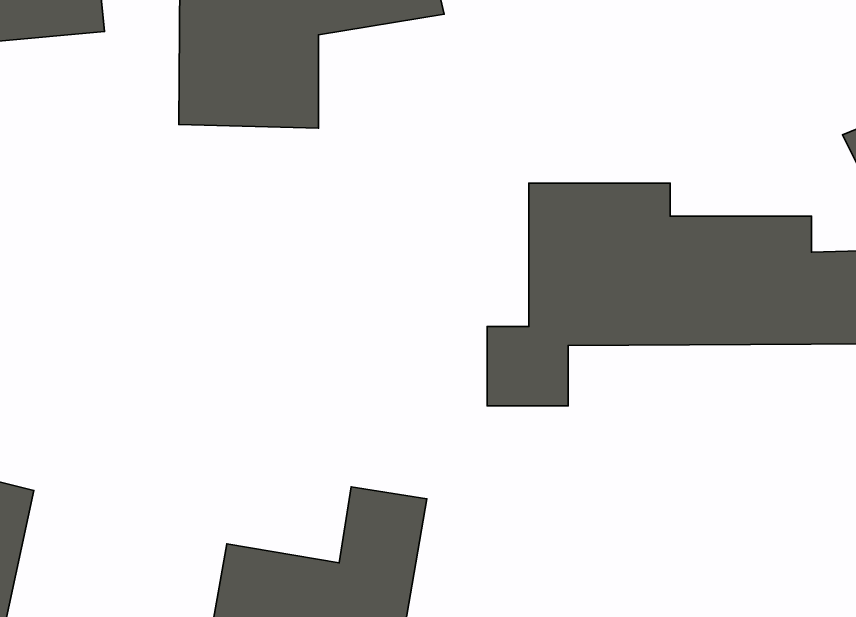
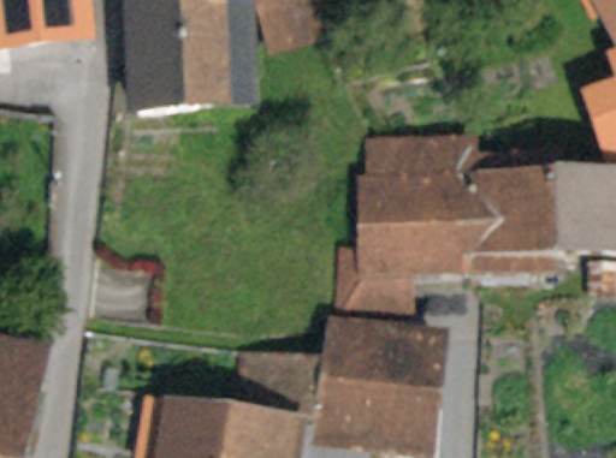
building: none -> [318,319,440,444]

